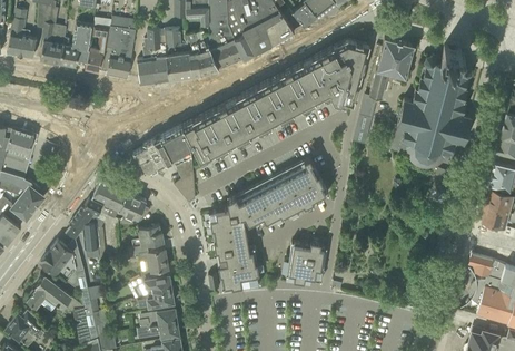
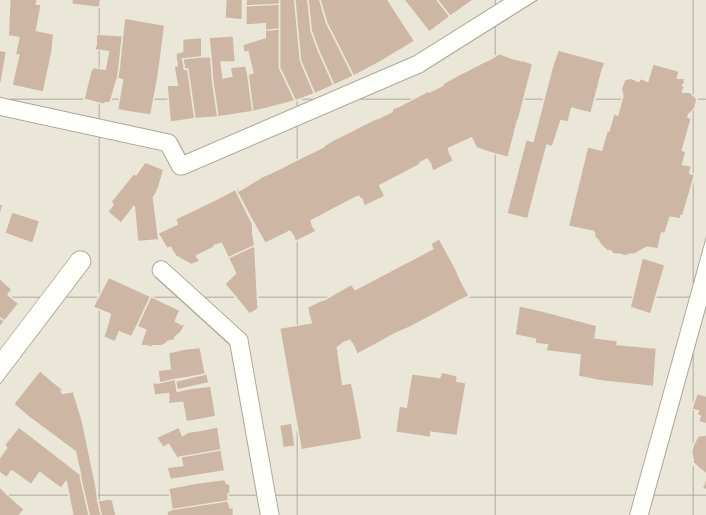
building: [60,23,95,68] -> none
building: none -> [515,306,656,386]
building: [67,201,102,251] -> [108,162,164,242]

